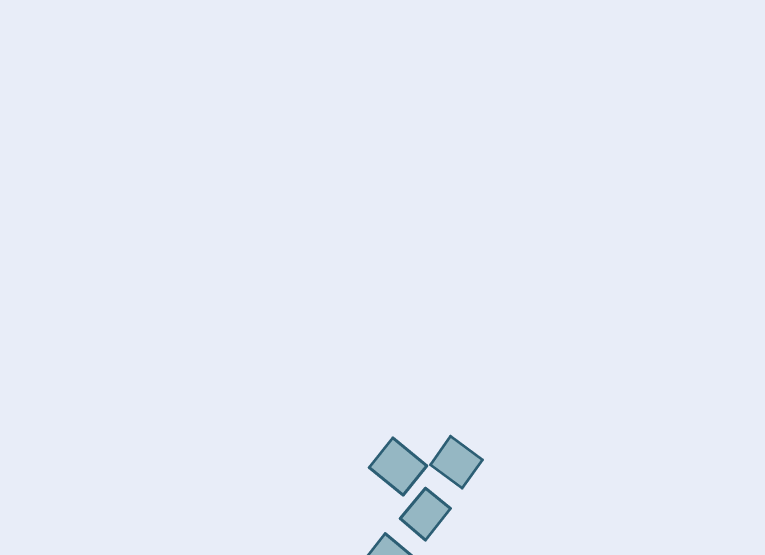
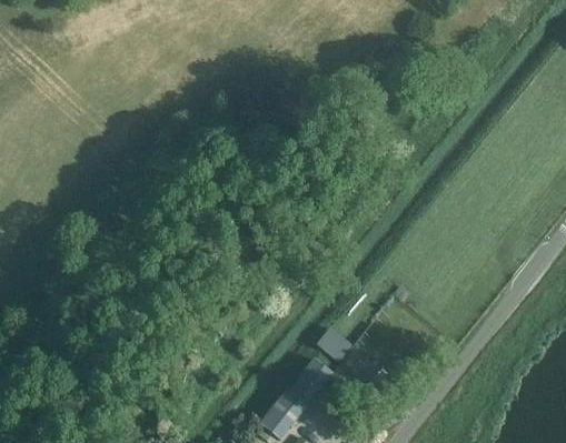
building: [369,438,427,495] -> none

